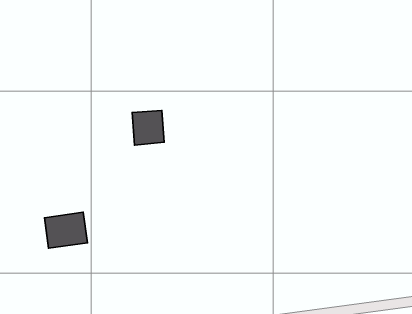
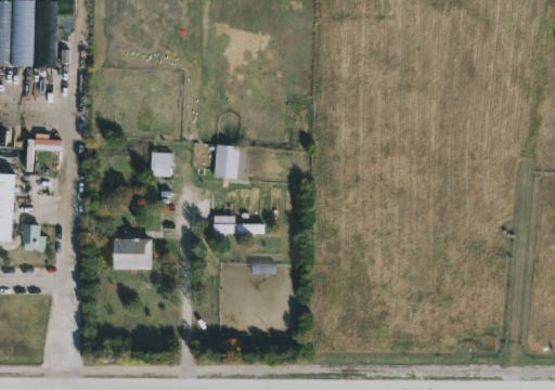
building: none -> [151,152,171,177]
building: none -> [212,216,263,234]

